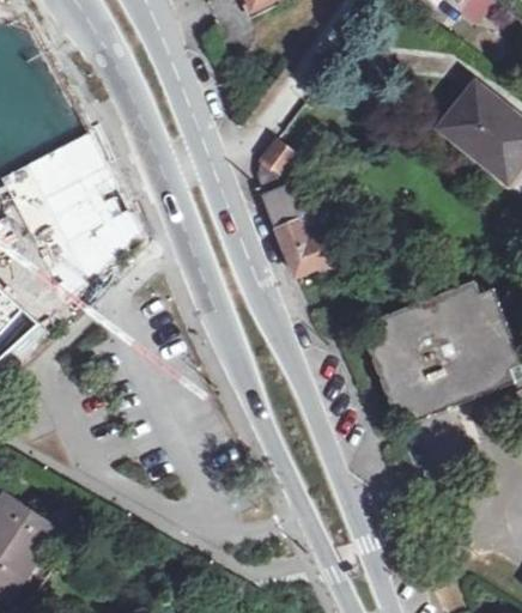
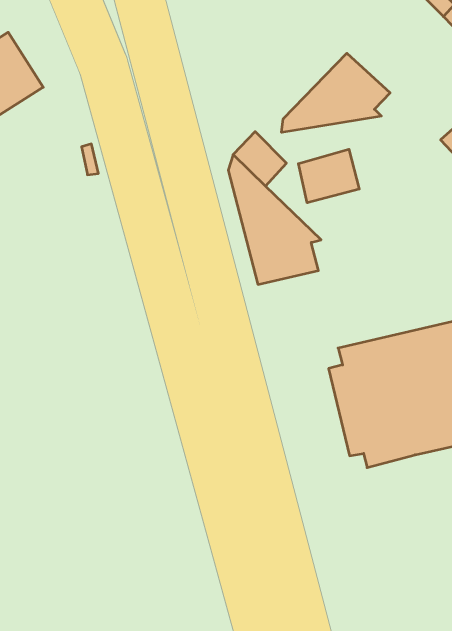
building: none -> [282,53,390,132]
building: none -> [298,149,359,203]

